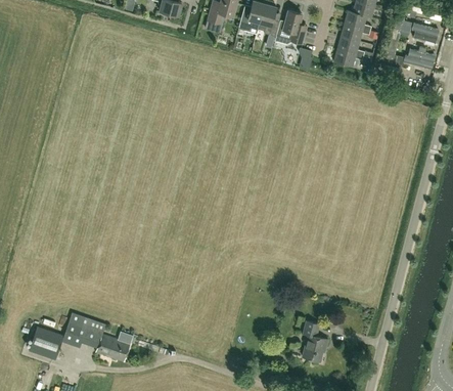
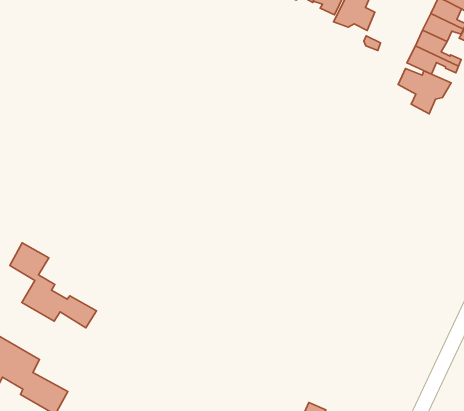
building: none -> [398,69,451,114]
building: none -> [10,243,96,328]

